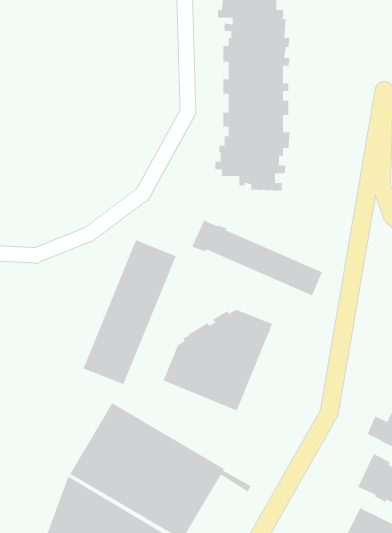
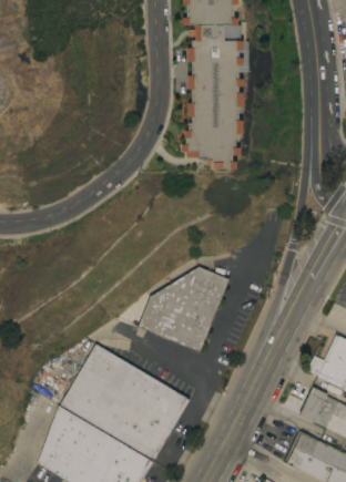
building: [191,220,323,296] -> none
building: [83,239,177,385] -> none

